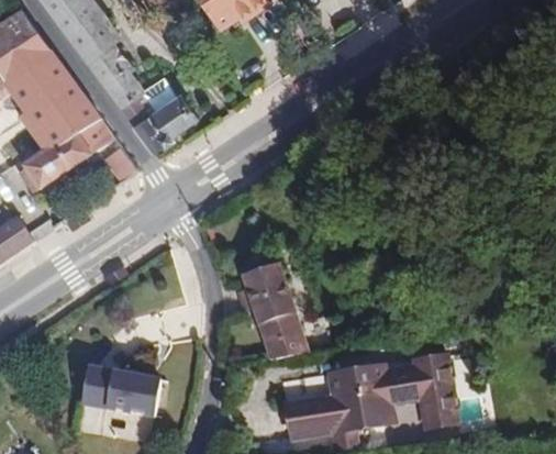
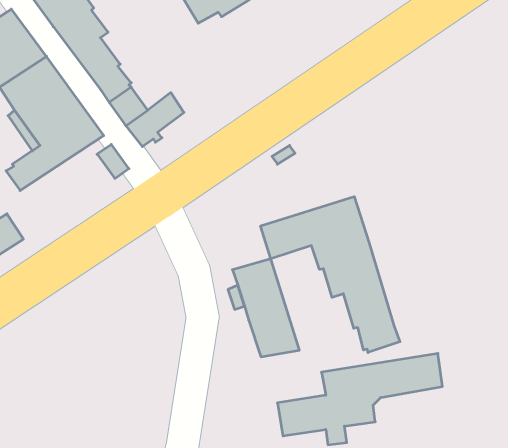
building: none -> [261,197,400,353]
building: [79,367,155,421] -> none
building: [383,389,458,428] -> none

